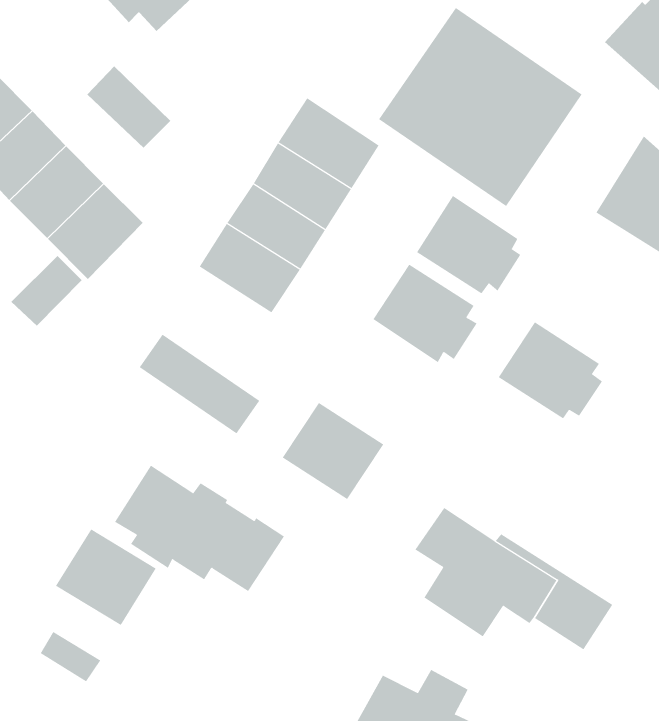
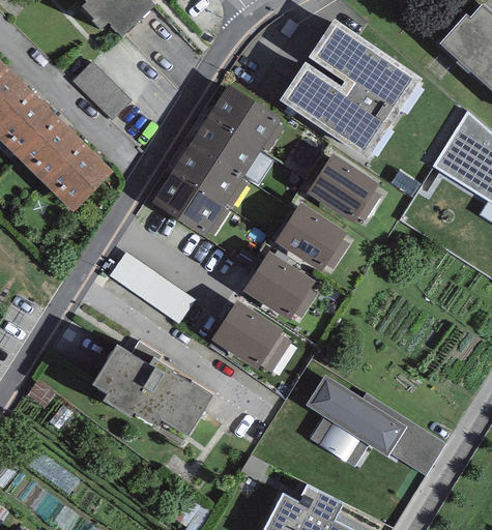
building: [11,255,82,327] -> none
building: [498,322,603,419] -> [242,251,317,320]
building: [55,528,157,626] -> none

